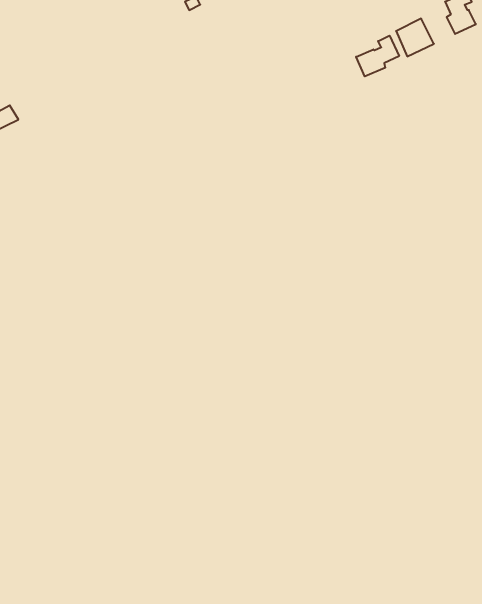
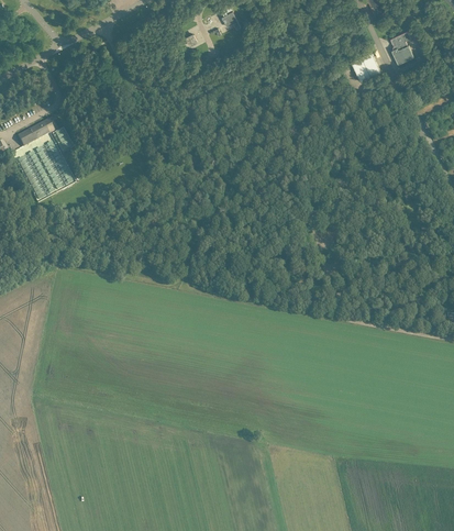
building: [356,36,399,76] -> none

